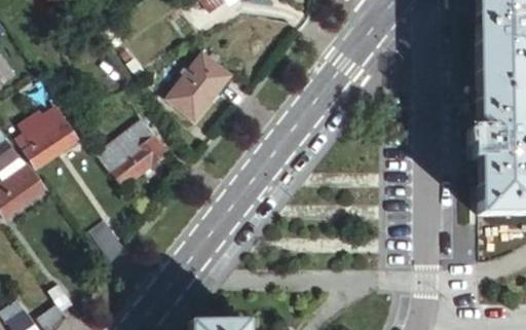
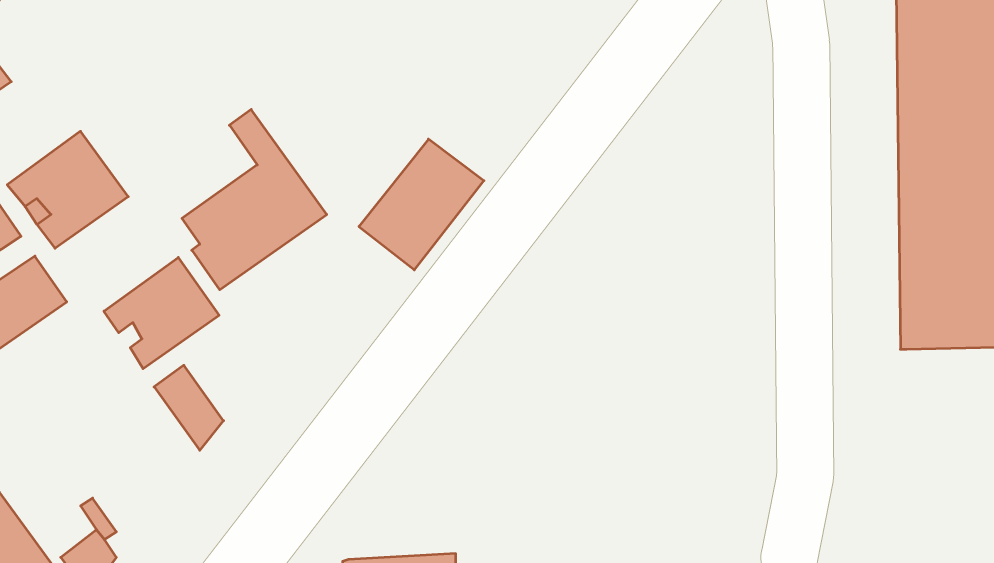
building: [165,54,230,122] -> [359,139,484,270]
building: none -> [104,257,219,369]

